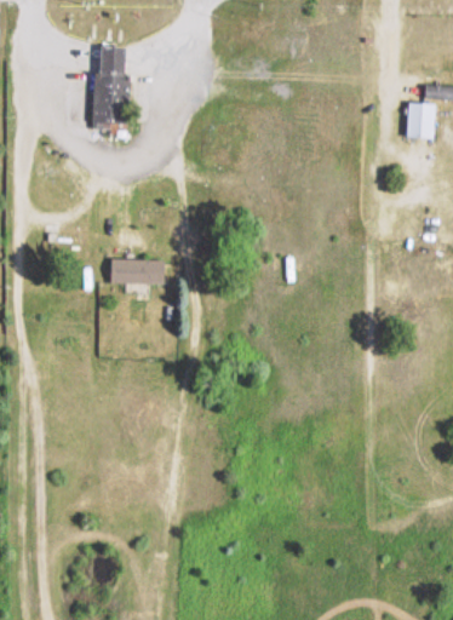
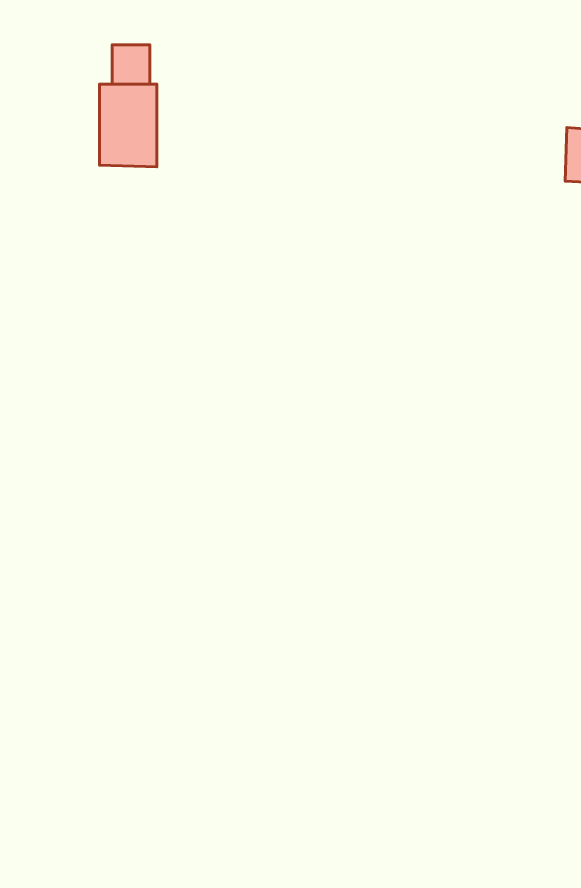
building: [107,259,164,285] -> none

